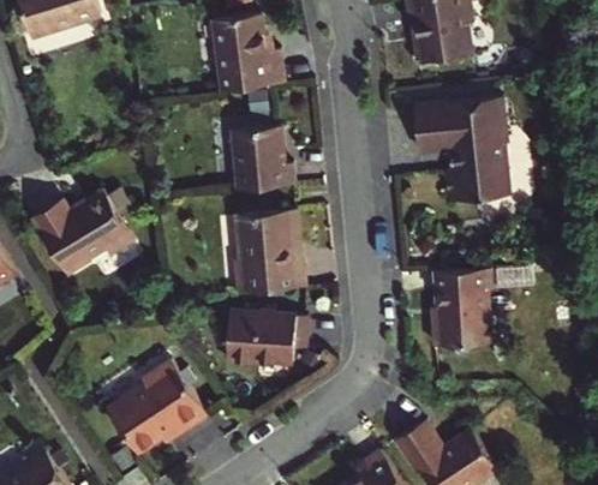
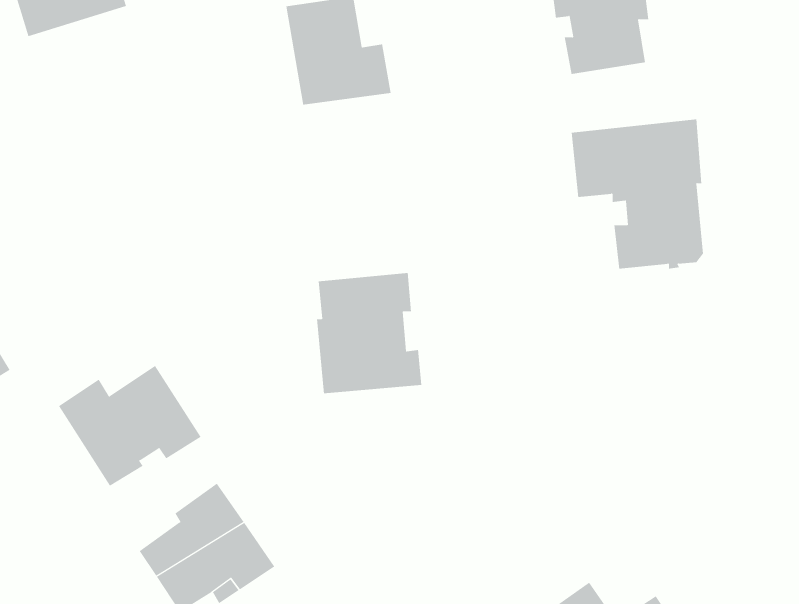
building: [234,125,297,188] -> none
building: [30,187,131,273] -> [58,365,202,486]
building: [431,267,492,343] -> none
building: [227,311,316,372] -> none

